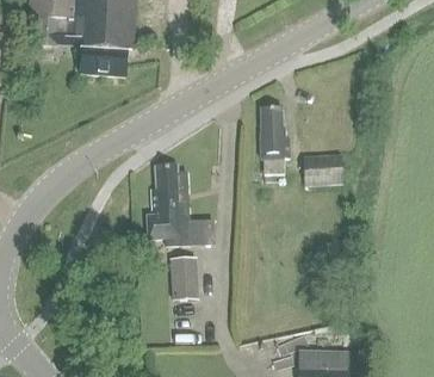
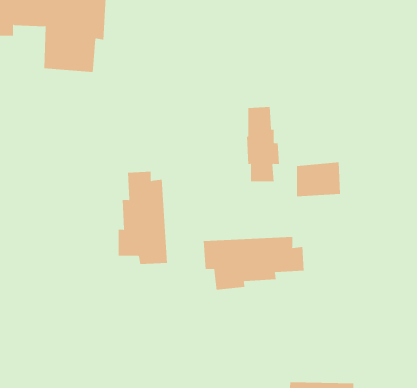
building: none -> [203,236,304,291]
building: [172,257,198,298] -> none

